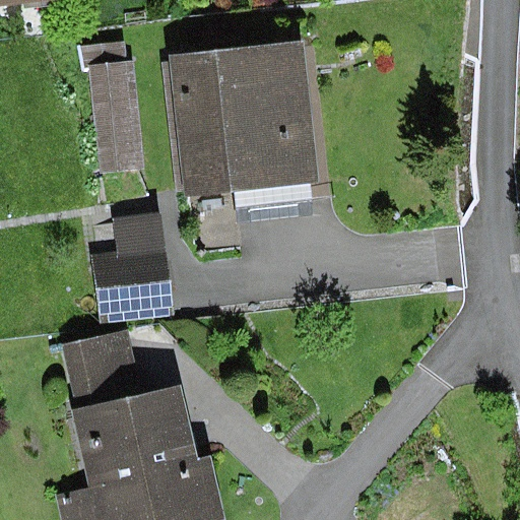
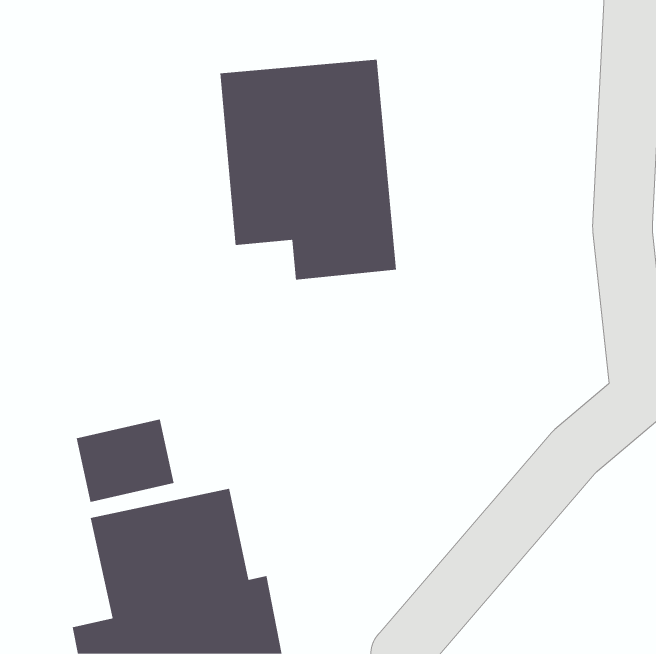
building: [79,42,145,173] -> none
building: [93,211,173,322] -> none

